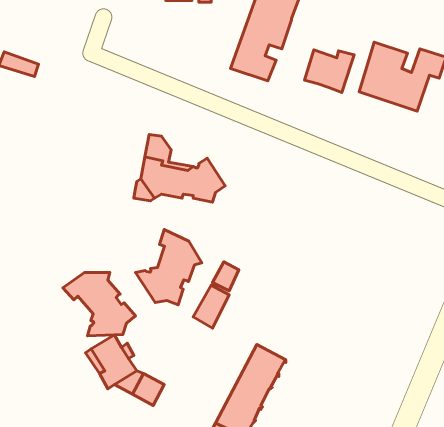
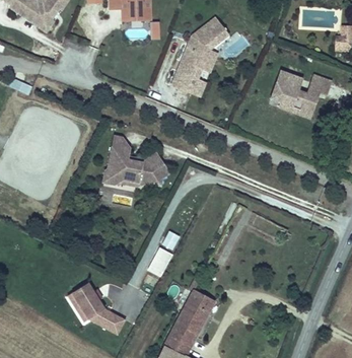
building: [304,50,354,92] -> none
building: [135,230,202,305] -> none
building: [63,272,136,336] -> none

